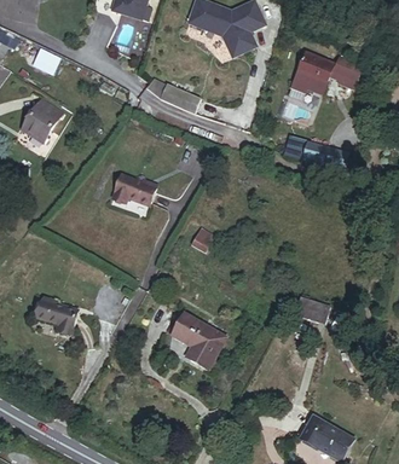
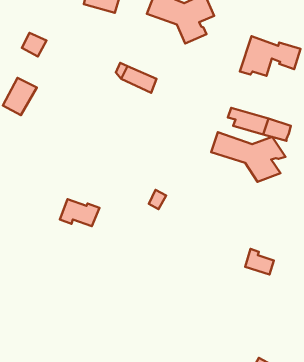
building: none -> [211,132,285,182]
building: [115,174,160,204] -> [60,199,99,226]
building: [39,296,79,331] -> none
building: [172,311,226,367] -> none

